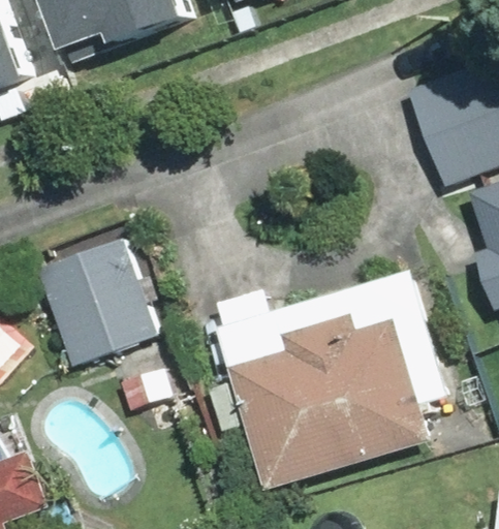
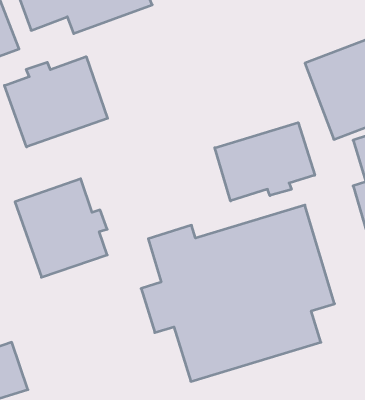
building: none -> [4,57,108,147]
building: none -> [215,123,315,201]

